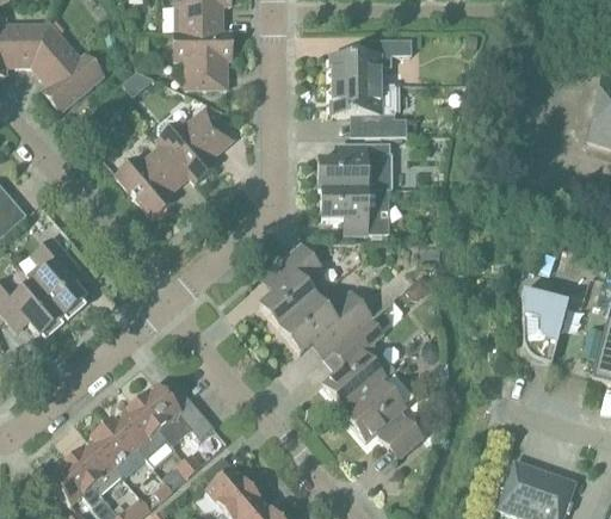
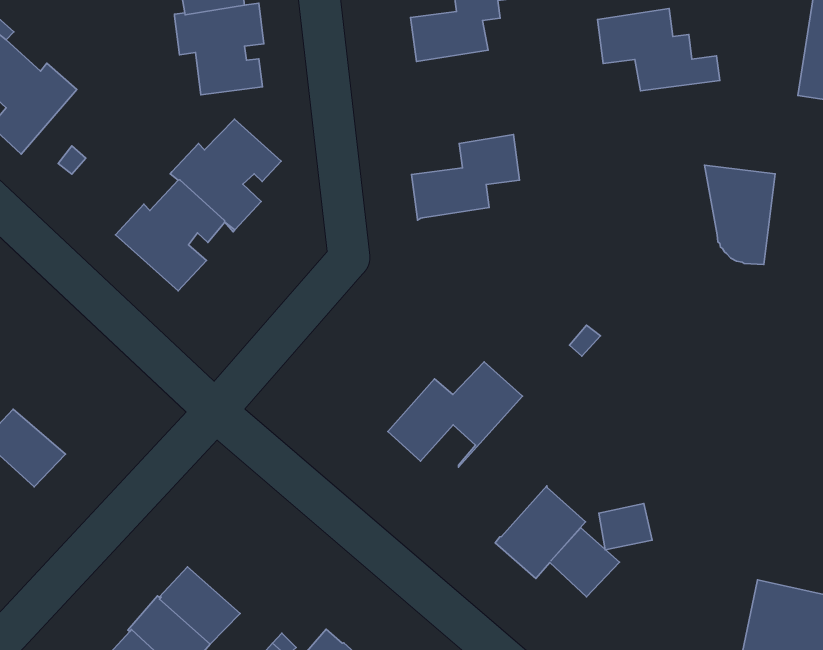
building: [333,84,409,136] -> [597,8,720,91]
building: [322,189,389,234] -> none
building: [33,237,86,316] -> none
building: [261,242,325,329] -> none
building: [523,290,569,362] -> [704,165,775,265]
building: [325,317,387,409] -> none
building: [136,383,216,444] -> none

